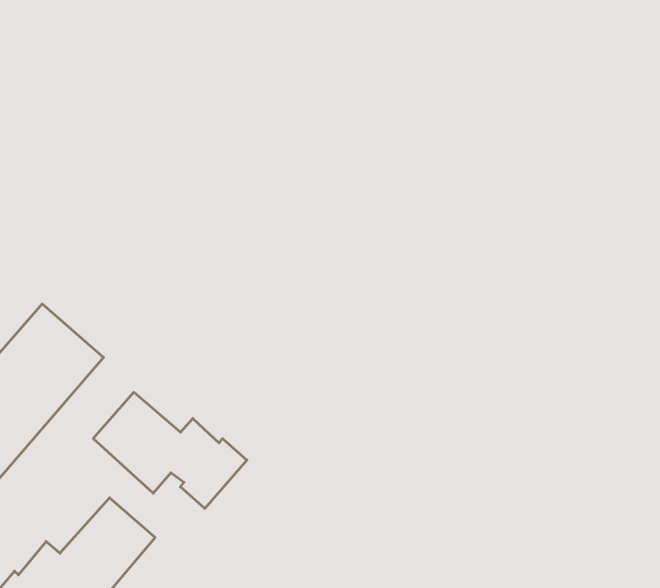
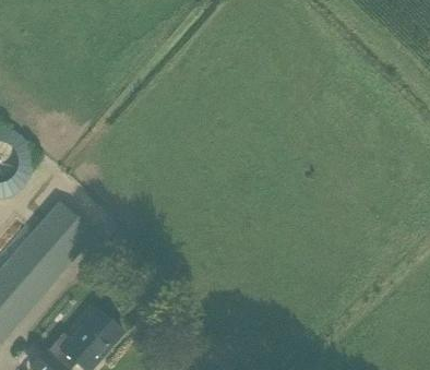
building: [93,392,247,508] -> none

